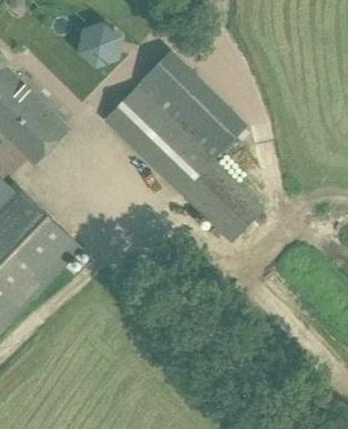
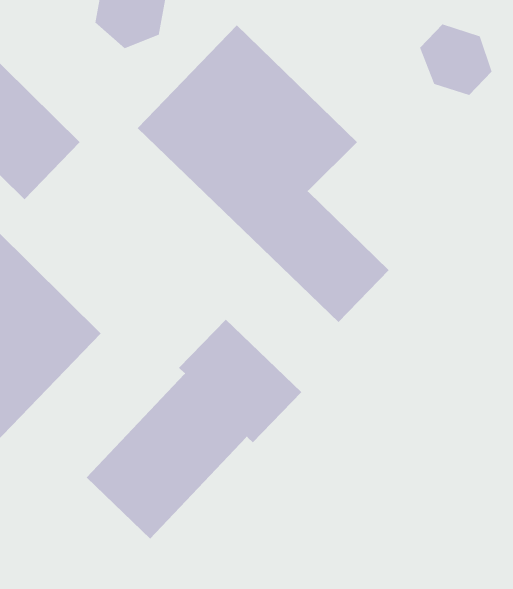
building: none -> [419,24,493,96]
building: none -> [86,319,302,539]

